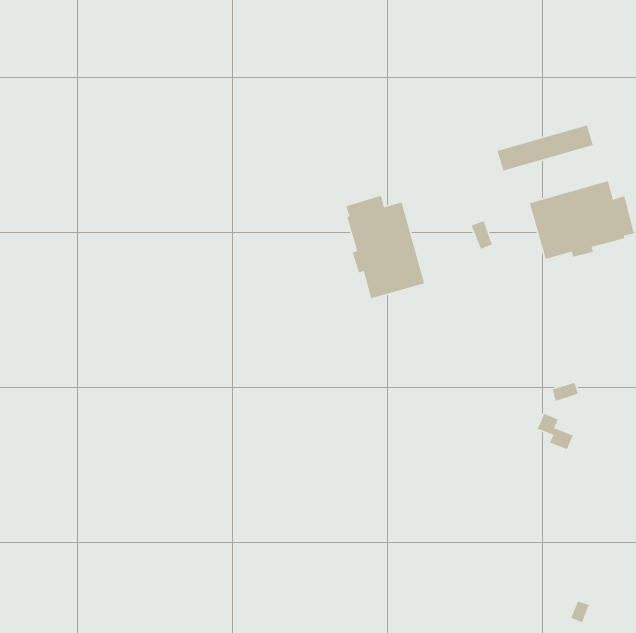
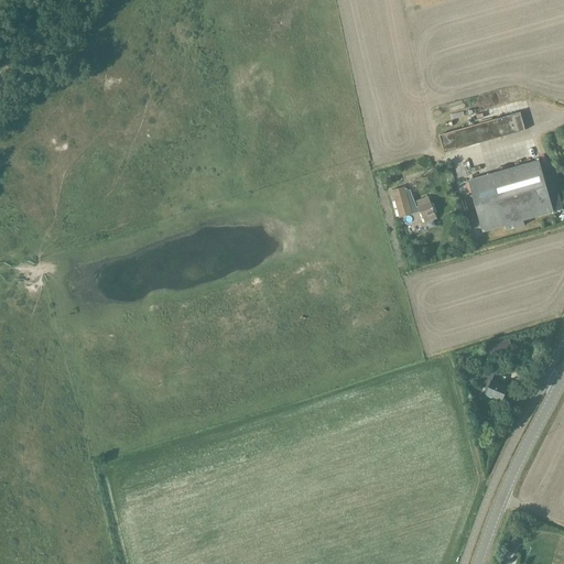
building: [345,195,425,299] -> none
building: none -> [392,185,419,216]

